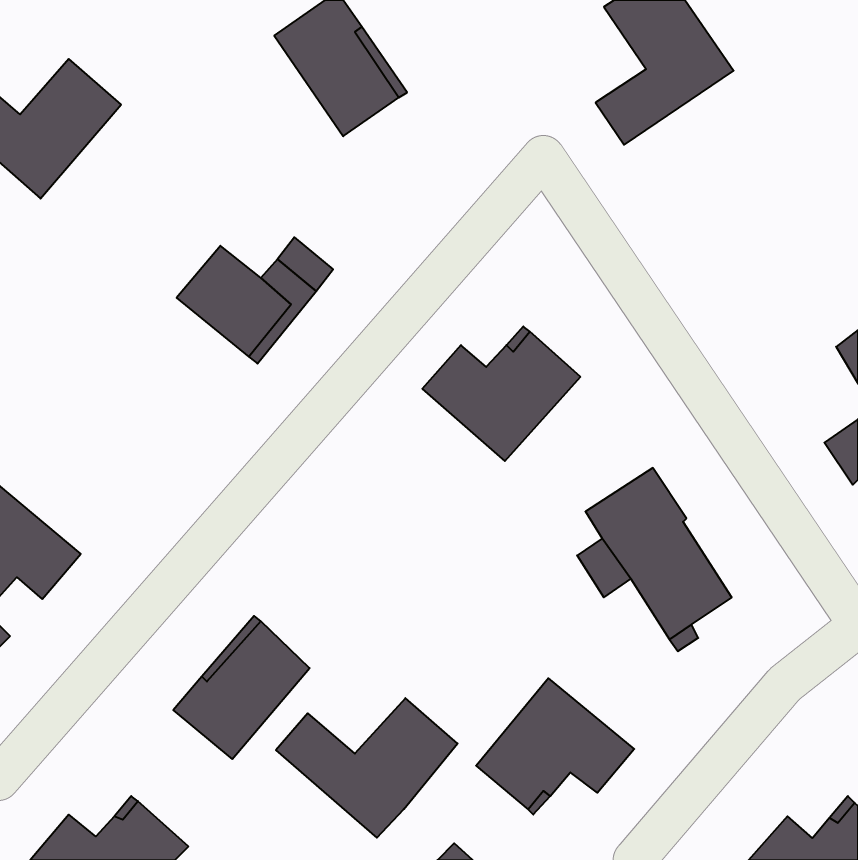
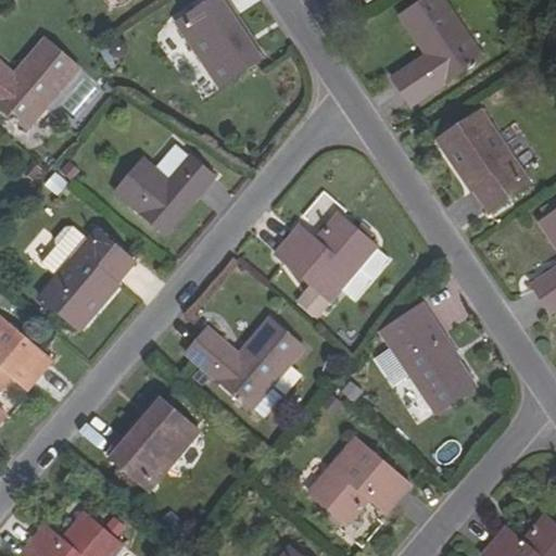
building: none -> [439,111,530,212]
building: none -> [40,229,135,328]
building: [276,698,458,838] -> [190,321,307,412]

